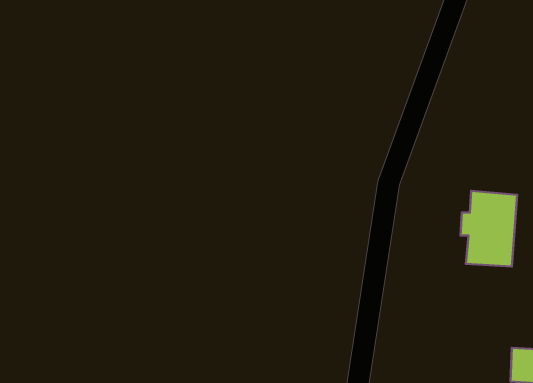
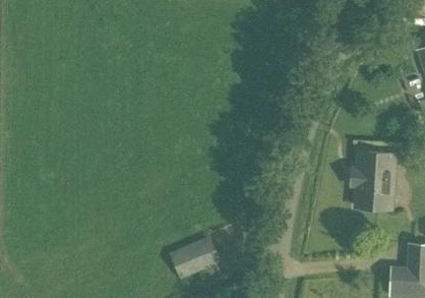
building: none -> [171,237,222,279]

